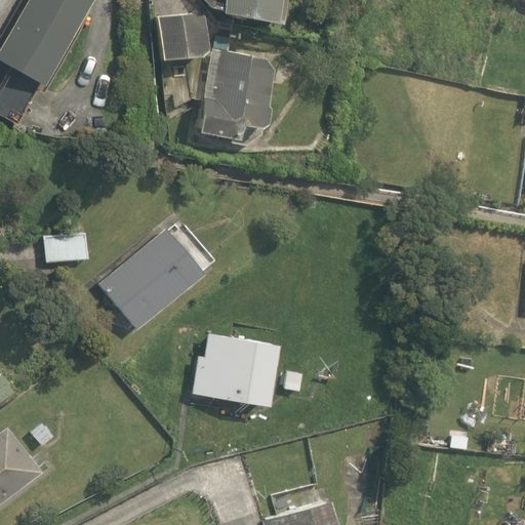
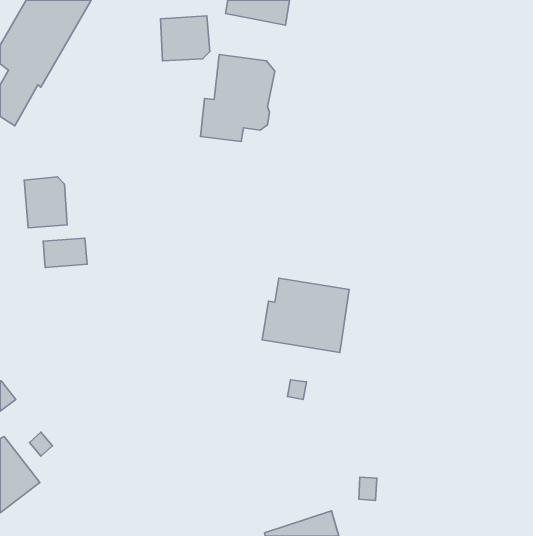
building: none -> [24,177,67,228]
building: [99,228,204,327] -> none
building: [192,332,277,405] -> [262,278,349,353]

